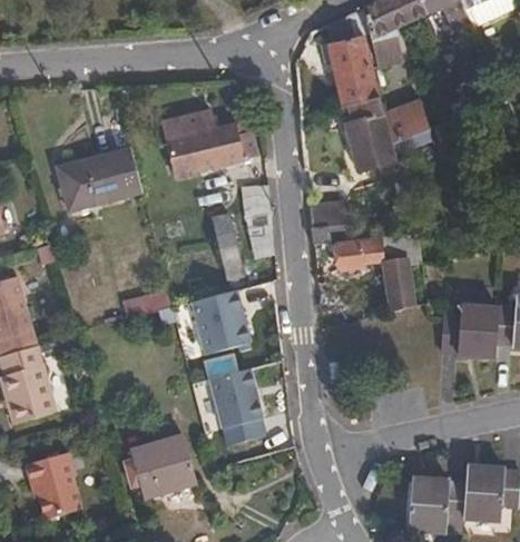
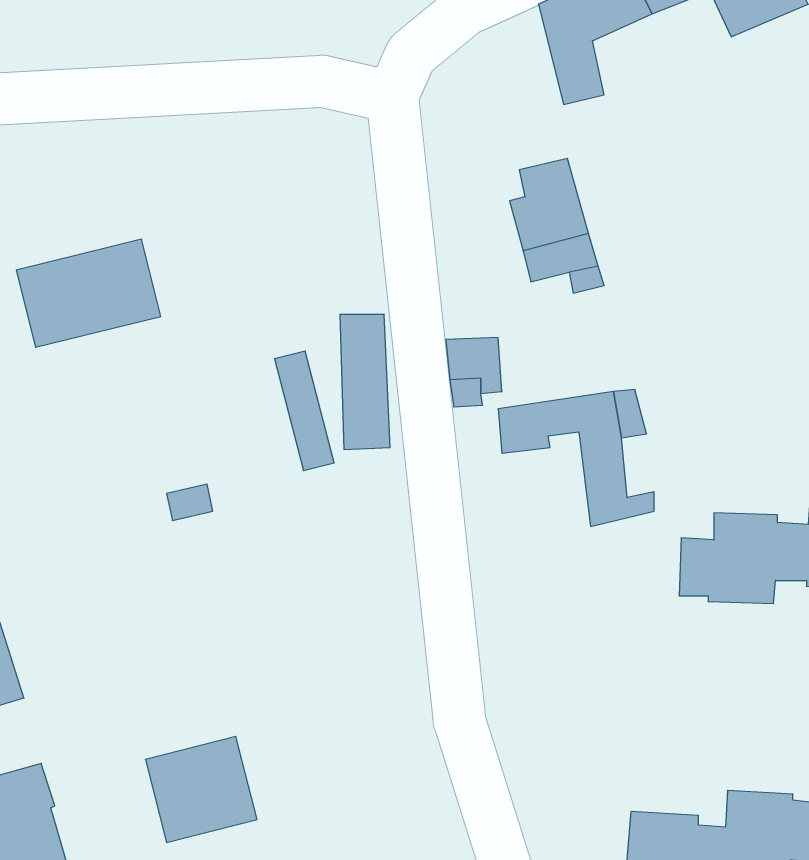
building: [322,36,375,108] -> none
building: [384,101,426,140] -> none
building: [156,109,251,175] -> none
building: [189,294,252,359] -> none
building: [209,373,271,452] -> none

